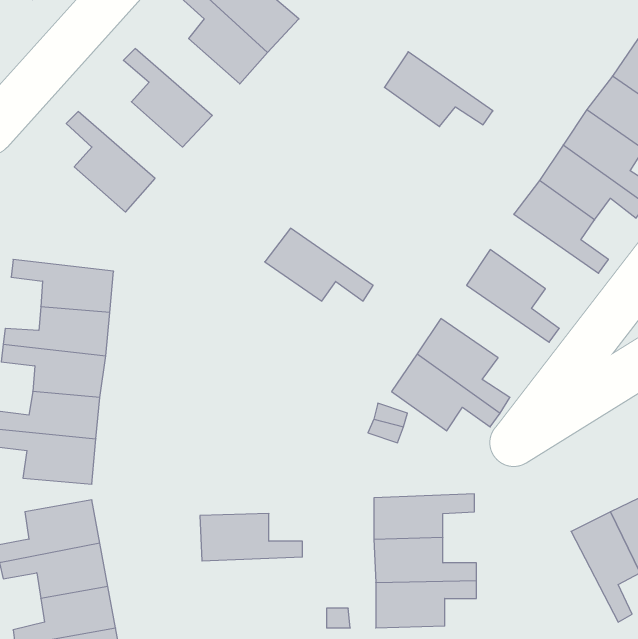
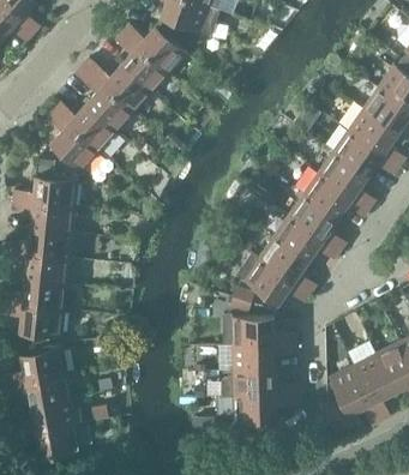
building: none -> [88,64,151,113]
building: [384,52,493,127] -> [303,173,369,218]
building: none -> [53,102,116,151]
building: none -> [13,175,77,208]
building: [265,228,373,301] -> [273,216,339,260]
building: [200,514,302,561] -> [231,317,294,345]
building: none -> [329,366,381,426]

